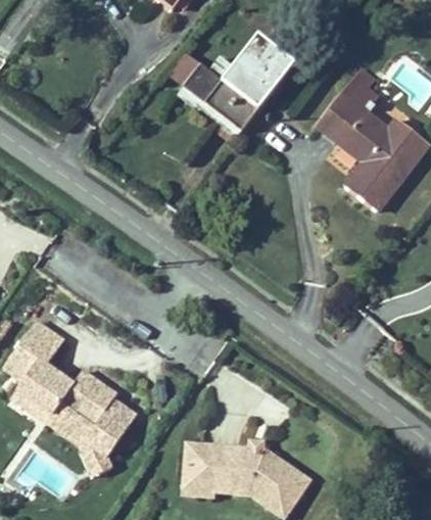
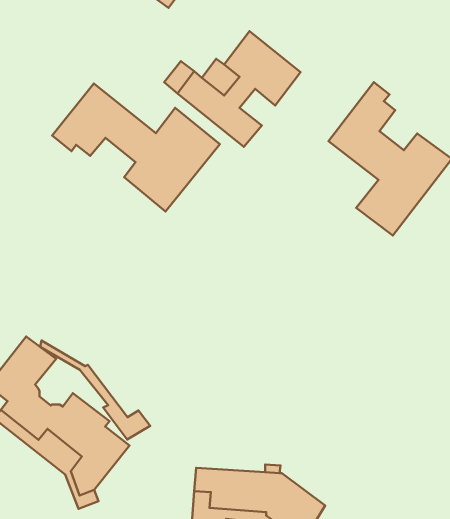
building: none -> [52,84,220,211]
building: none -> [40,341,150,440]

